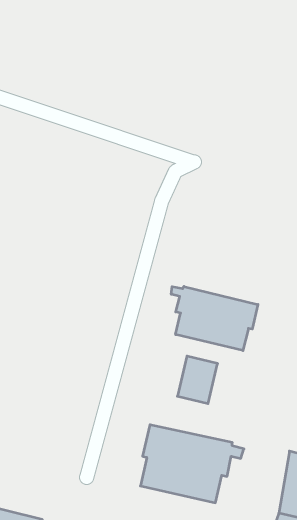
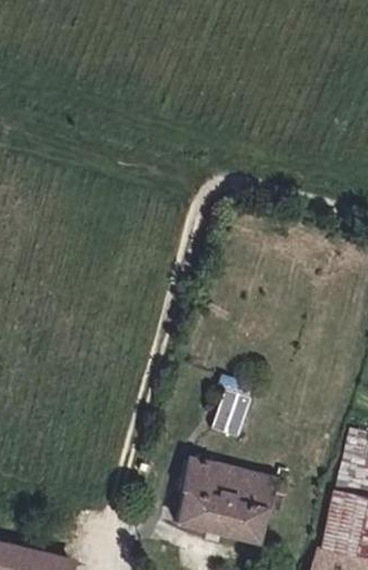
building: [171,286,258,351] -> none

